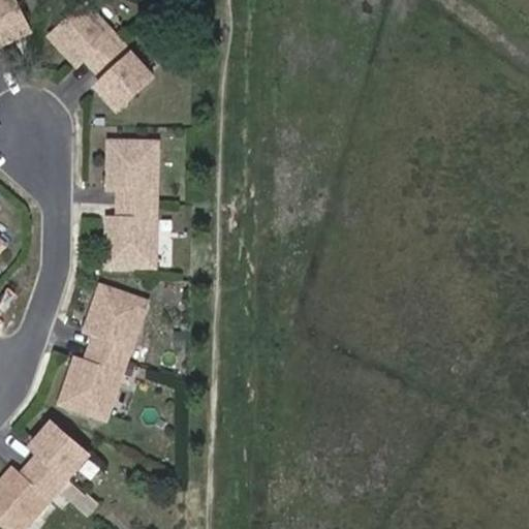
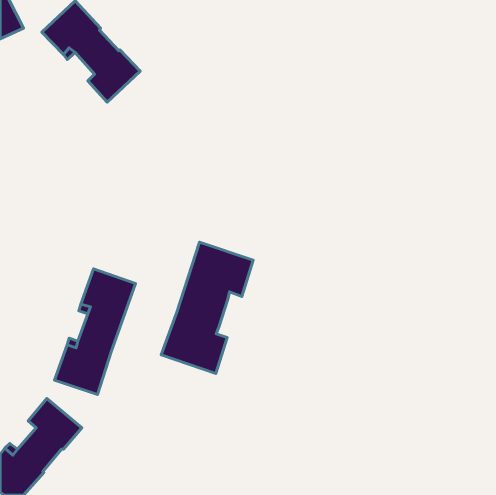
building: [105,139,155,266] -> none
building: none -> [161,242,253,374]

